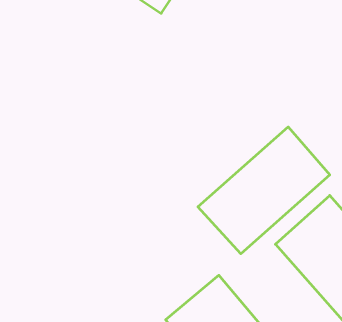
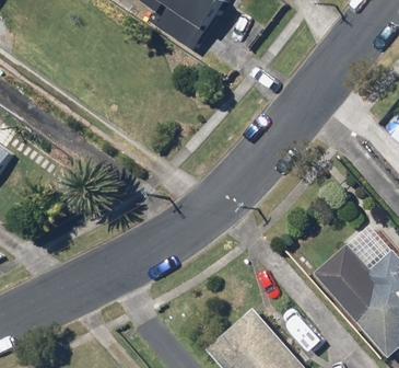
building: [198,127,330,254] -> none

